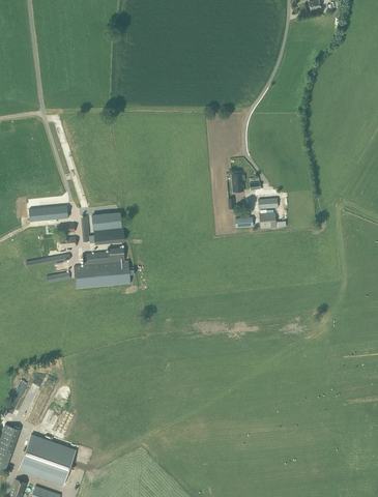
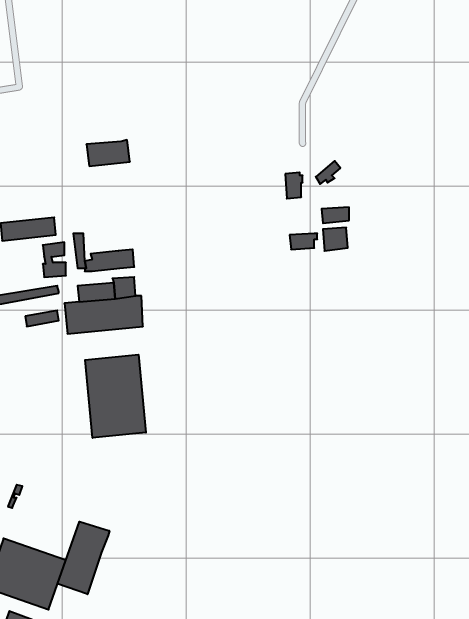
building: [91,210,122,229] -> [86,140,130,166]
building: none -> [85,355,146,438]
building: none -> [58,522,109,594]

